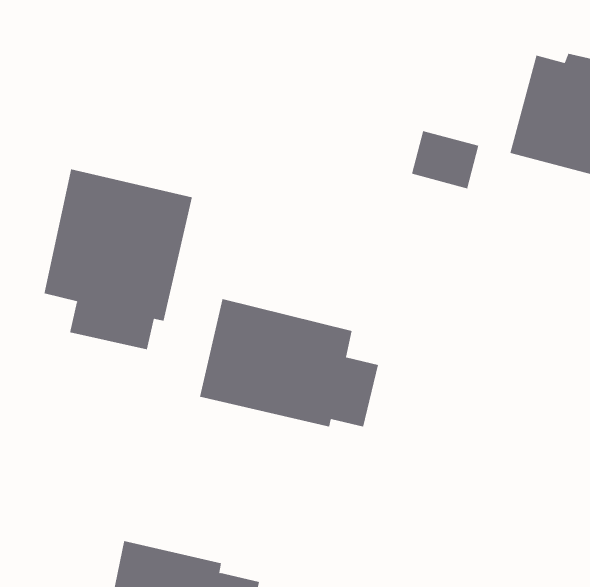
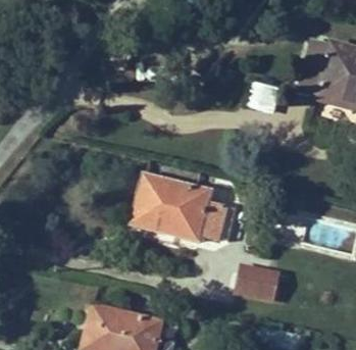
building: [44,168,193,350] -> none
building: none -> [236,265,279,302]

